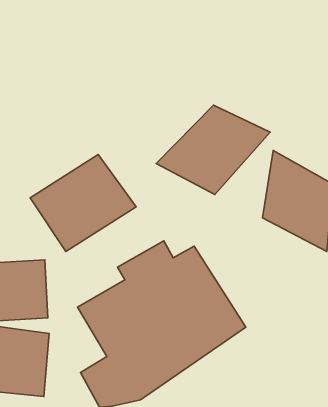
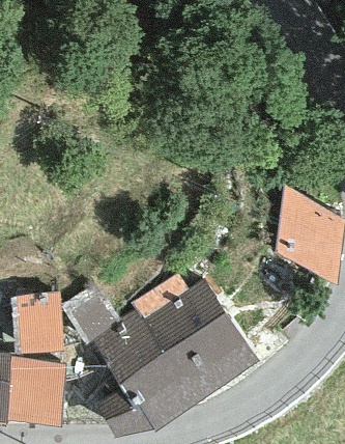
building: [156,105,270,194] -> none
building: [30,154,136,252] -> none

